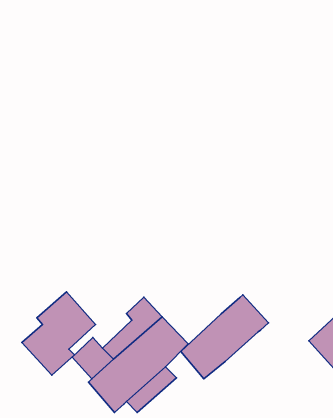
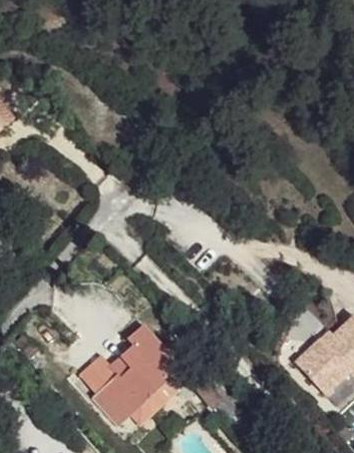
building: [22,292,95,375] -> none
building: [181,295,269,379] -> none

